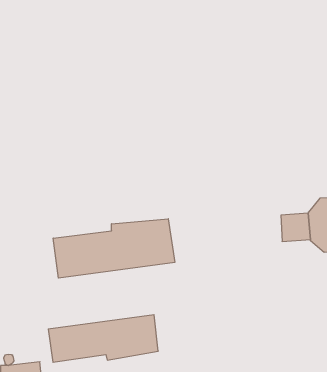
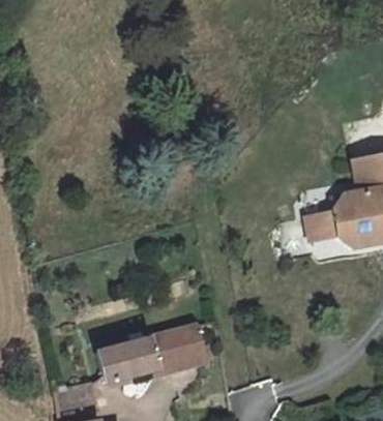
building: [53,219,175,278] -> none

